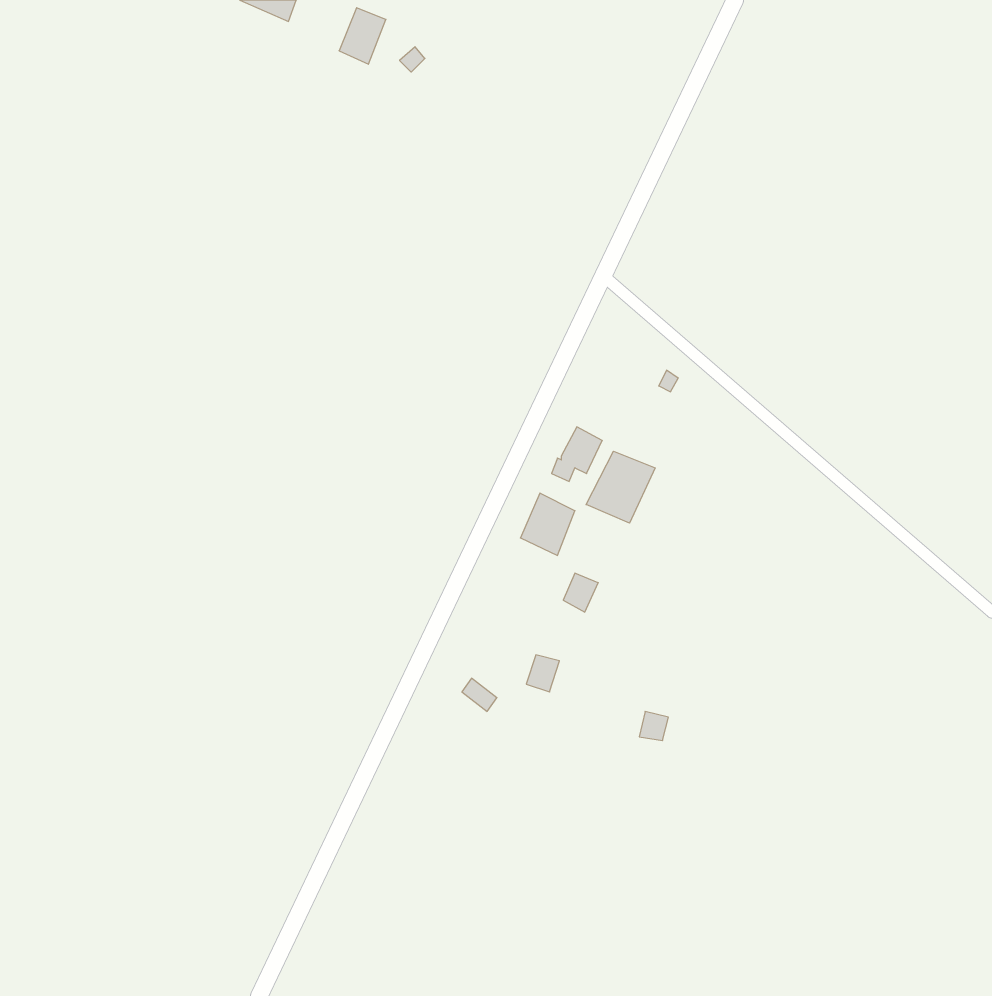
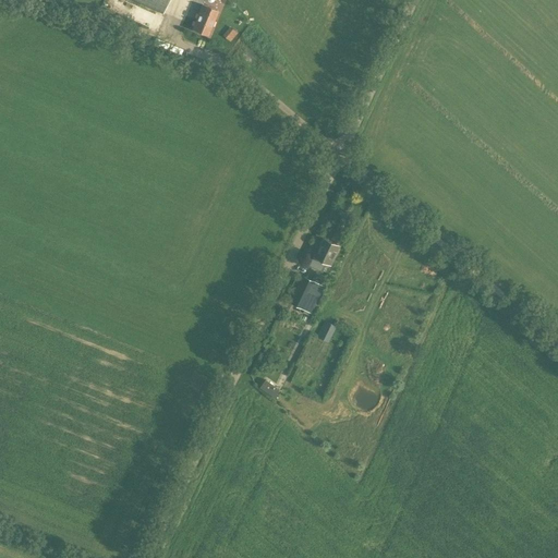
building: [586,451,655,523] -> none

